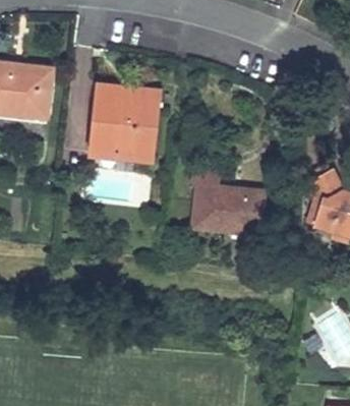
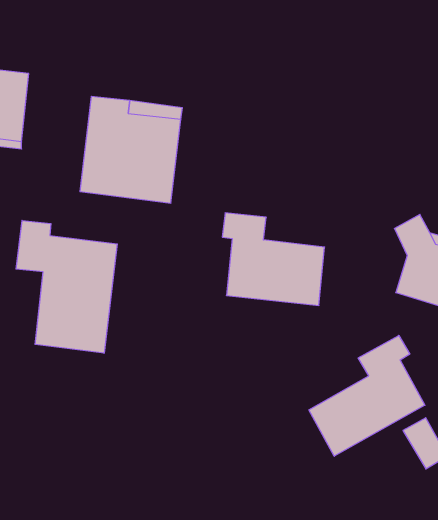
building: none -> [16,220,117,353]
building: none -> [309,335,425,456]

